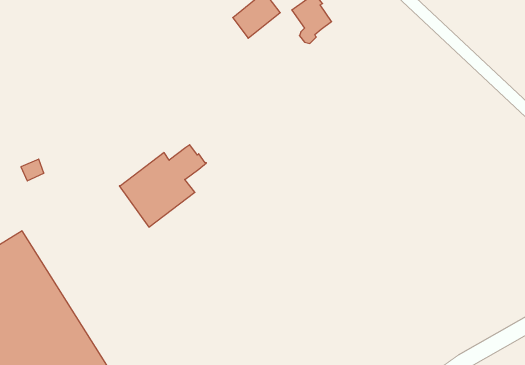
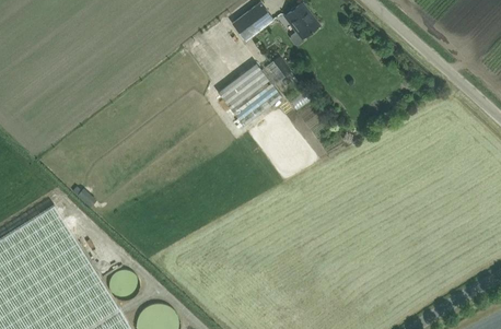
building: [119,145,206,227] -> [218,58,292,128]

